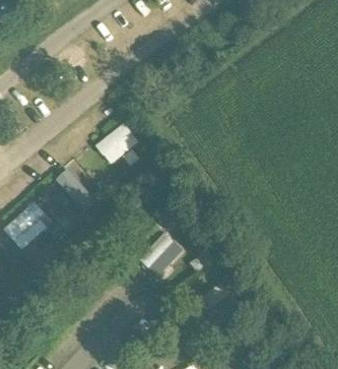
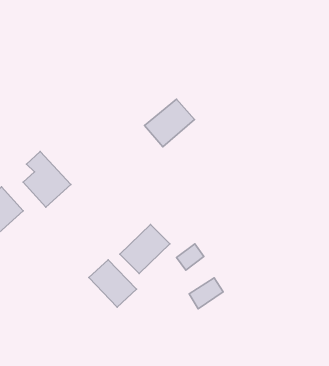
building: [94,122,139,165] -> [145,99,195,147]
building: none -> [89,260,136,307]

